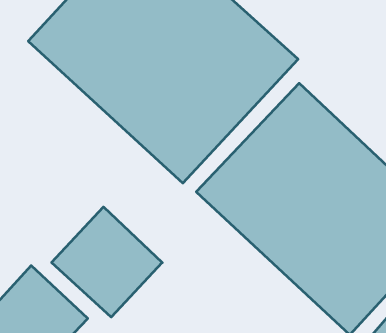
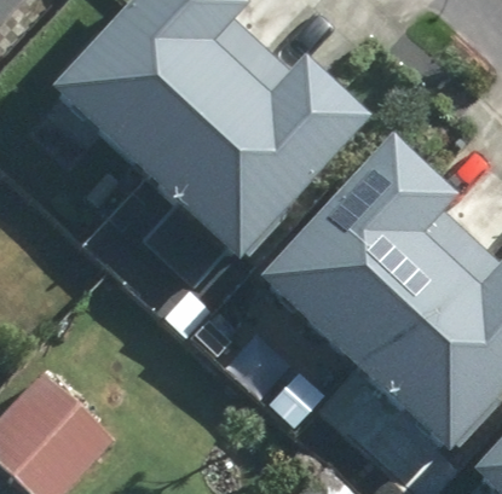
building: [52,207,162,317] -> none

